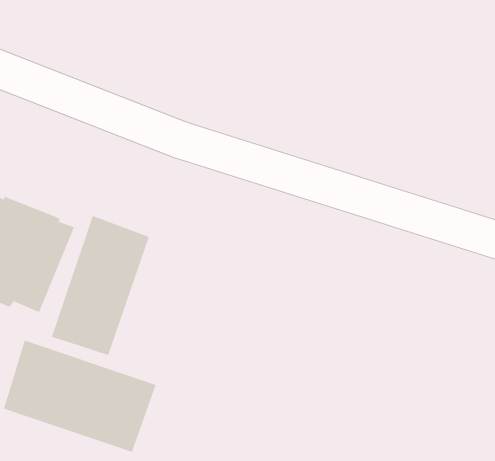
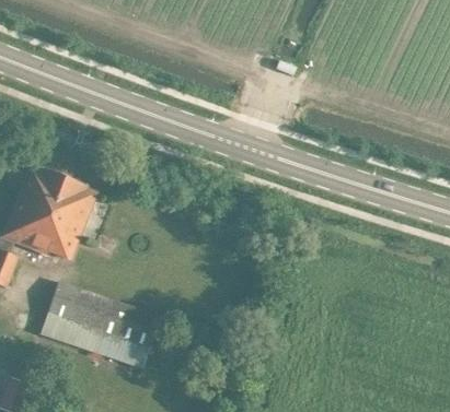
building: [51,215,149,356] -> none

